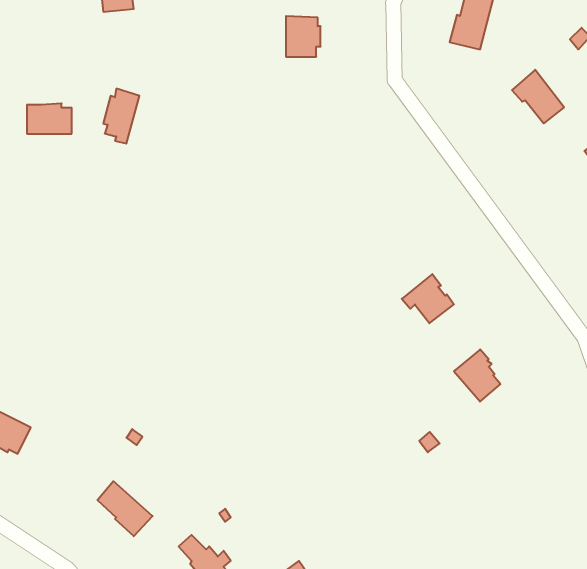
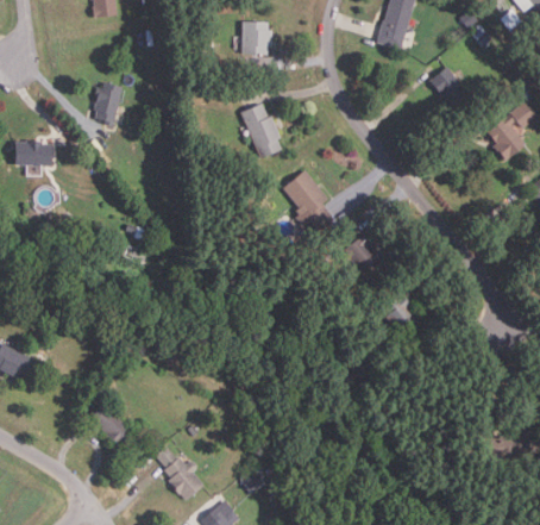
building: [27,103,72,134] -> [14,139,51,164]
building: none -> [240,104,281,158]
building: none -> [282,170,333,232]

